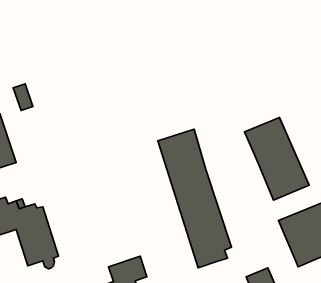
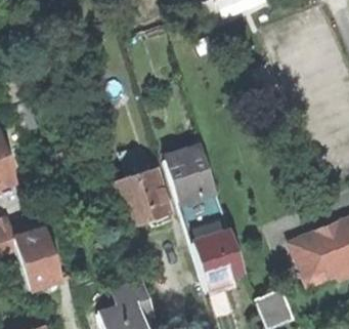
building: [245,117,309,200] -> none
building: none -> [114,165,170,225]

